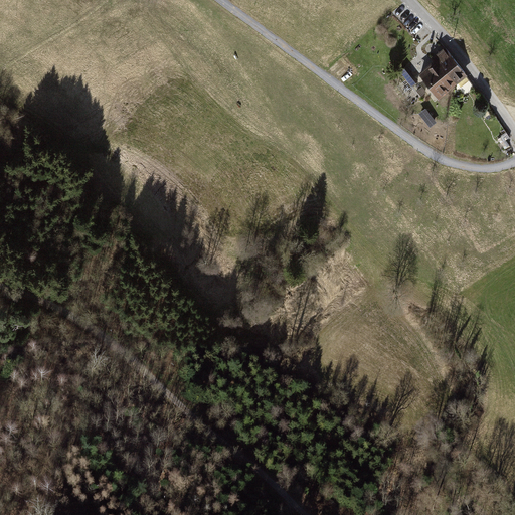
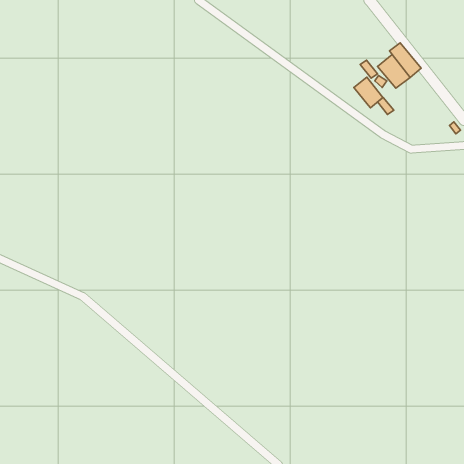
building: none -> [354,77,383,108]

